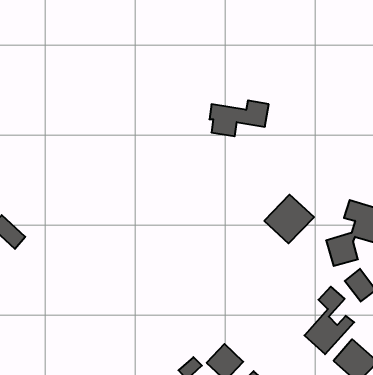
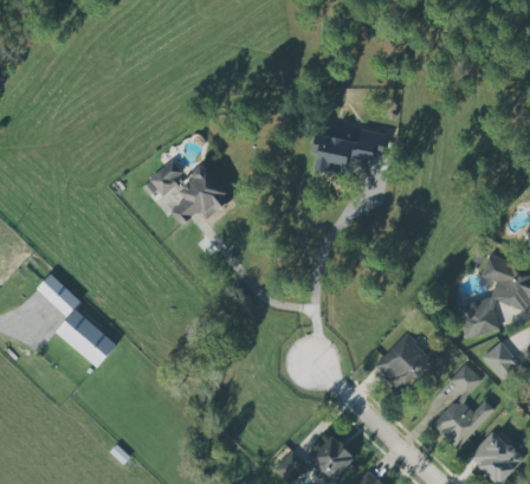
building: none -> [142,162,230,226]
building: [264,195,314,243] -> [374,334,437,395]
building: none -> [56,309,117,369]

